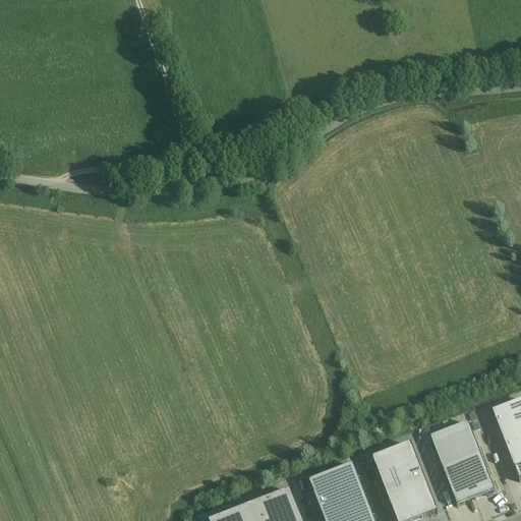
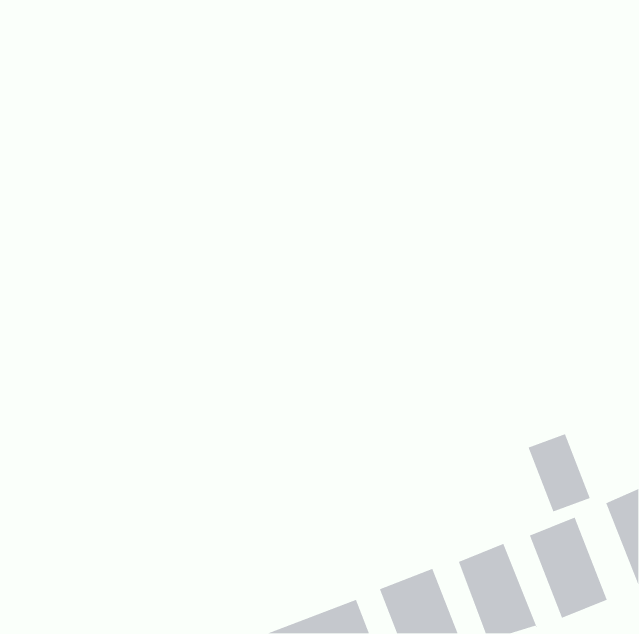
building: none -> [527,433,591,513]

